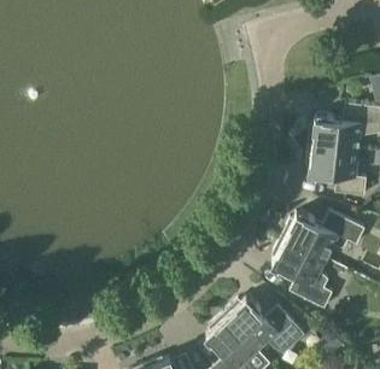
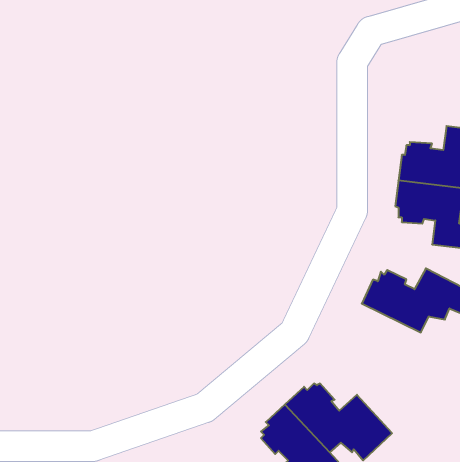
building: [271,236,332,308] -> none

